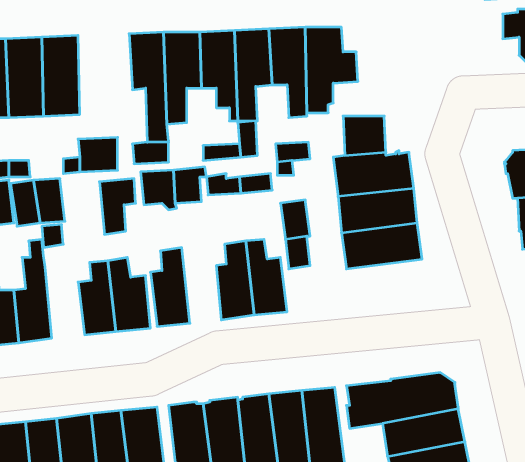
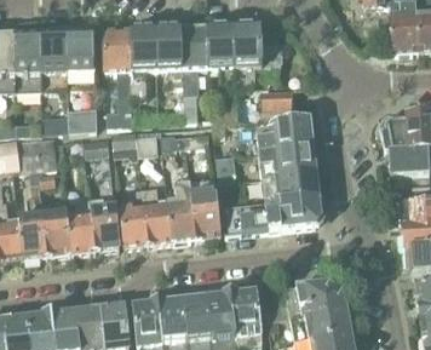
building: none -> [67,30,97,90]
building: none -> [143,187,172,243]
building: none -> [222,196,322,234]
building: none -> [42,201,71,254]

